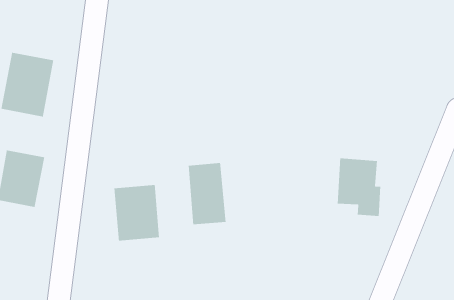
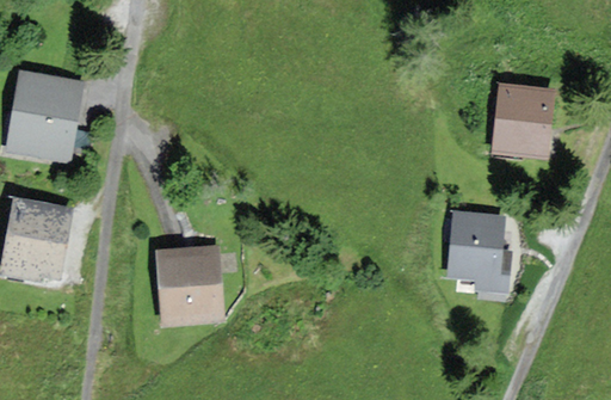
building: none -> [494,86,551,155]
building: [188,162,226,225] -> none

